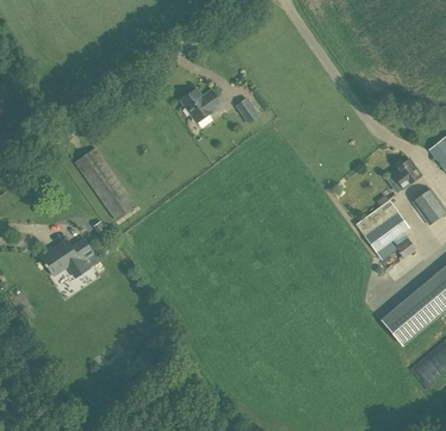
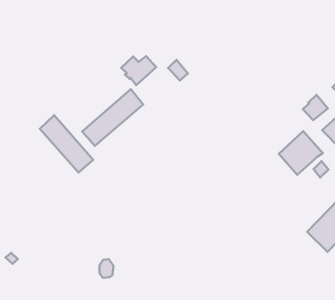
building: none -> [82,89,143,146]
building: [39,238,93,276] -> none

